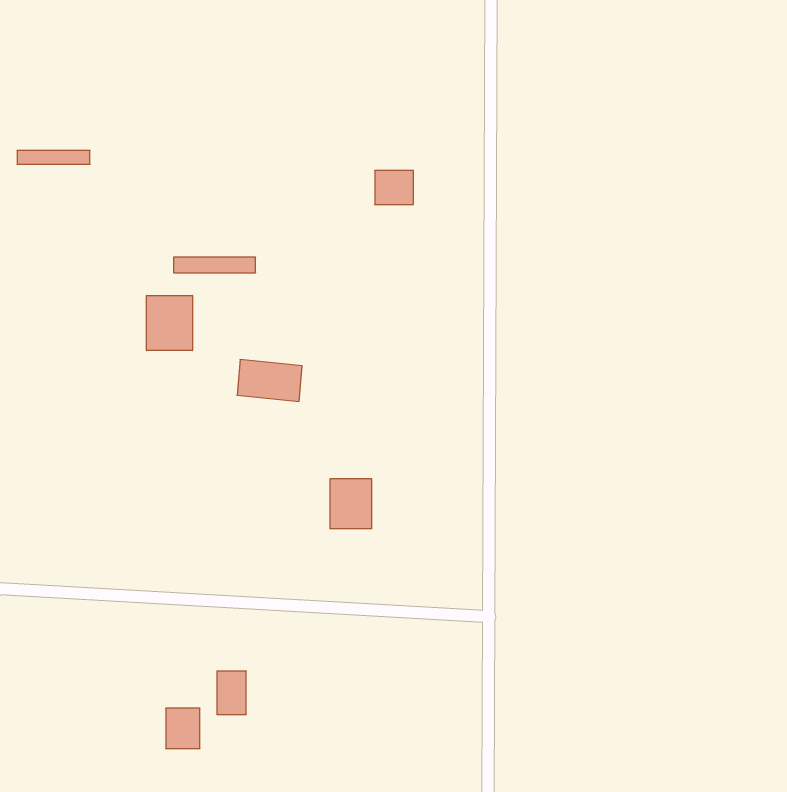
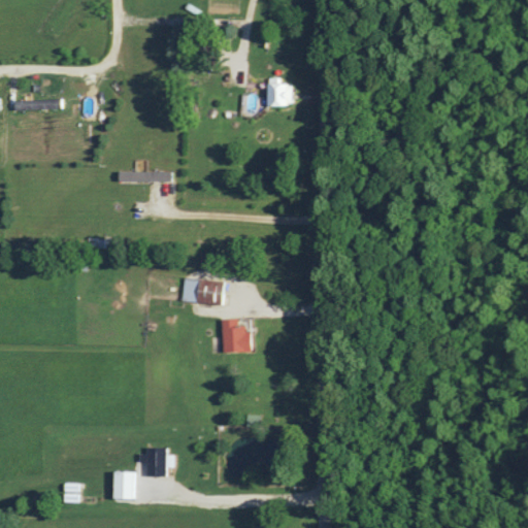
building: [375,171,413,205] -> [266,84,292,106]
building: [147,295,192,351] -> none
building: [237,360,302,401] -> [183,277,226,305]

